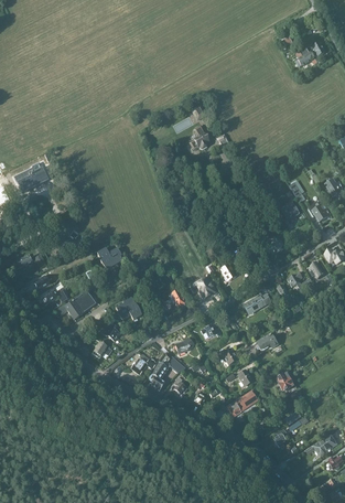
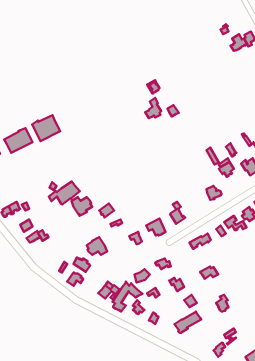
building: none -> [32,115,60,141]
building: [58,291,97,320] -> [49,182,80,205]

